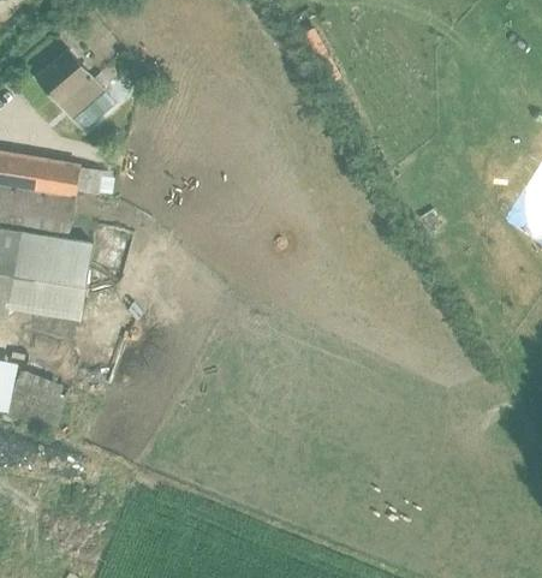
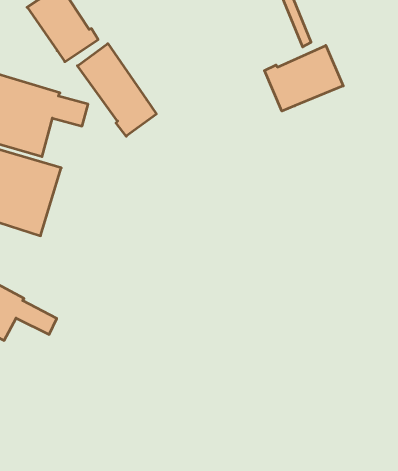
building: none -> [264,45,343,111]
building: none -> [77,44,156,136]

